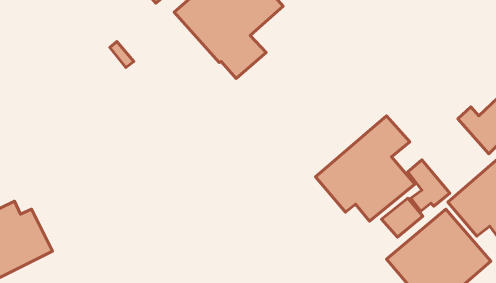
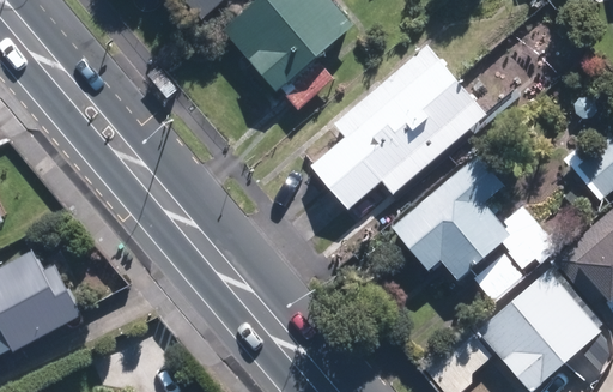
building: none -> [310,42,487,207]

